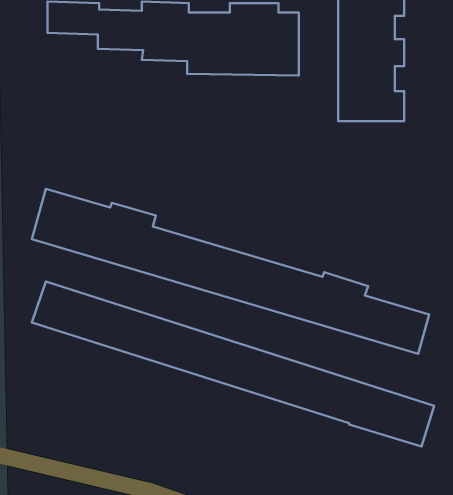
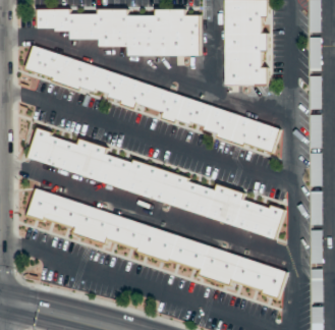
building: none -> [25,48,282,152]

